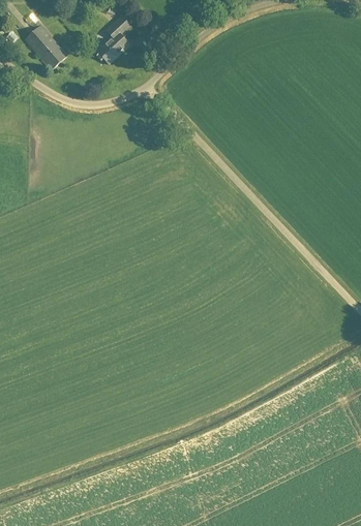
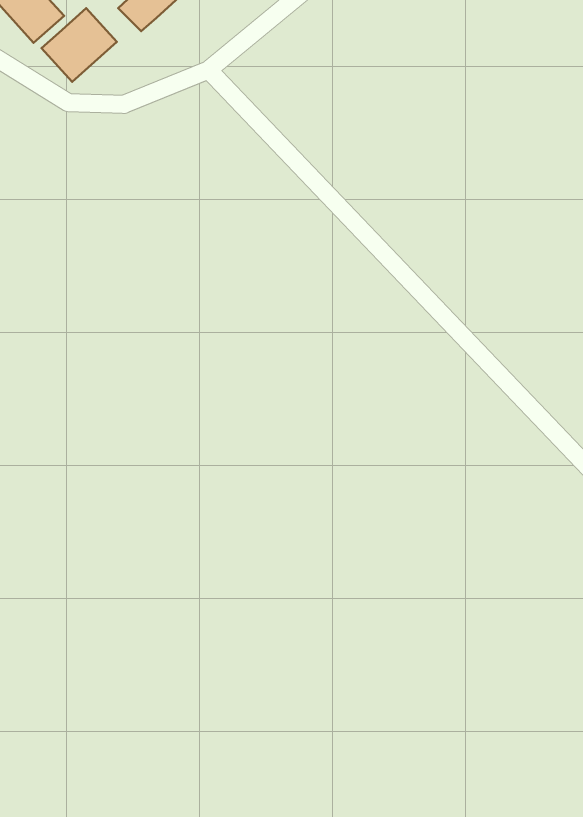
building: none -> [42,8,117,82]

